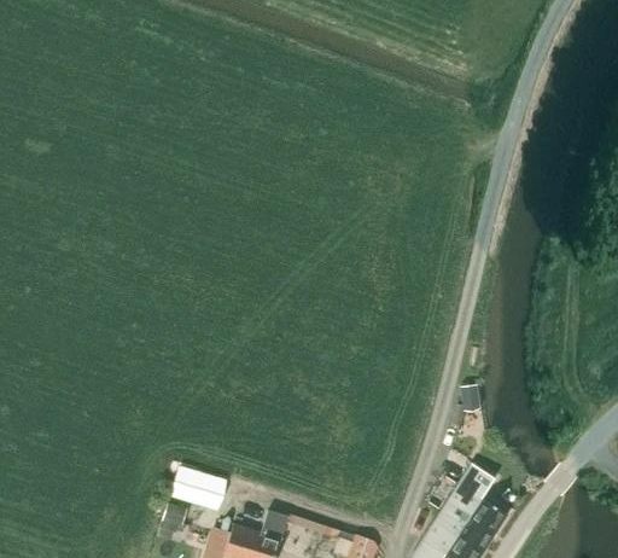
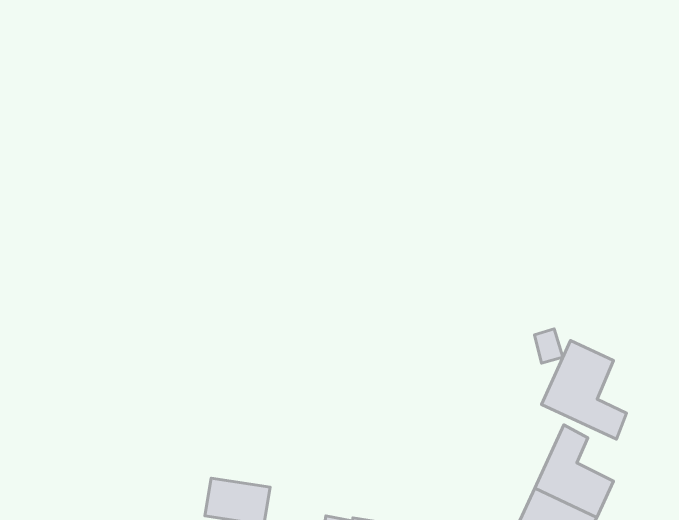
building: none -> [542,340,627,439]

